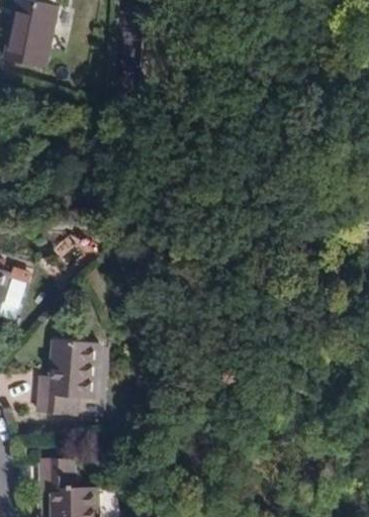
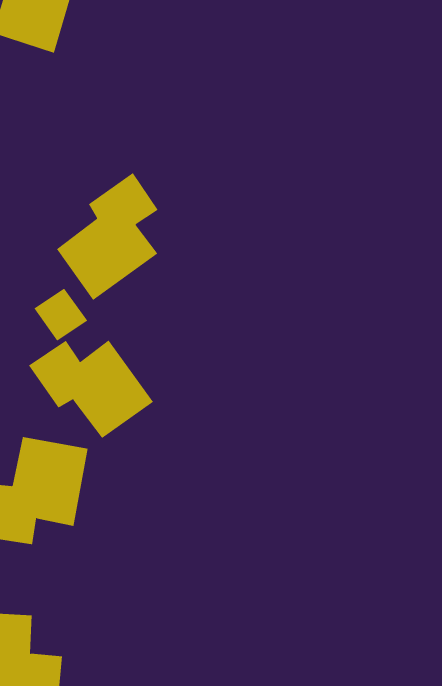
building: none -> [56,172,158,301]
building: none -> [28,340,154,439]

